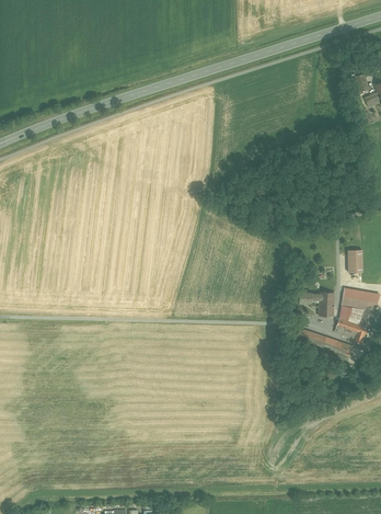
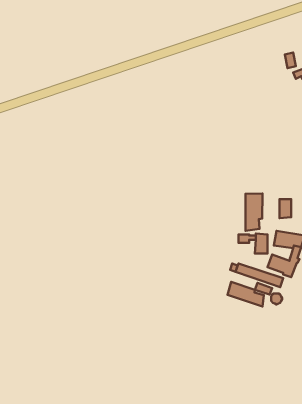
building: none -> [245,193,262,231]
building: none -> [227,282,264,307]

